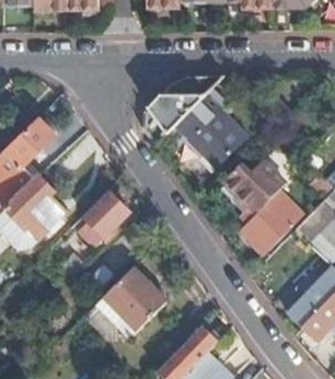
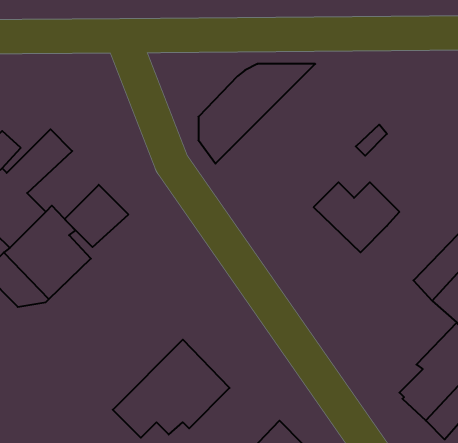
building: [166,91,247,169] -> none
building: [244,190,301,253] -> none
building: [84,192,129,236] -> [65,185,128,247]

